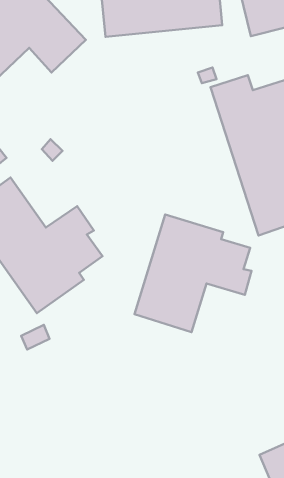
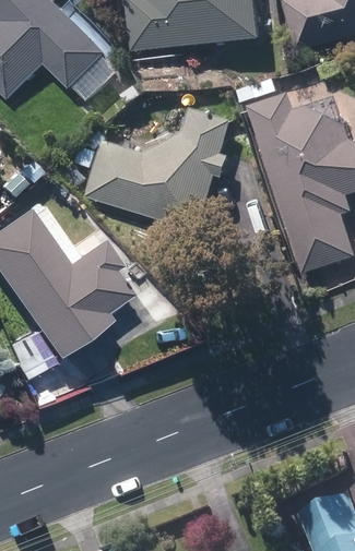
building: none -> [86,106,233,230]
building: [134,214,252,332] -> none

